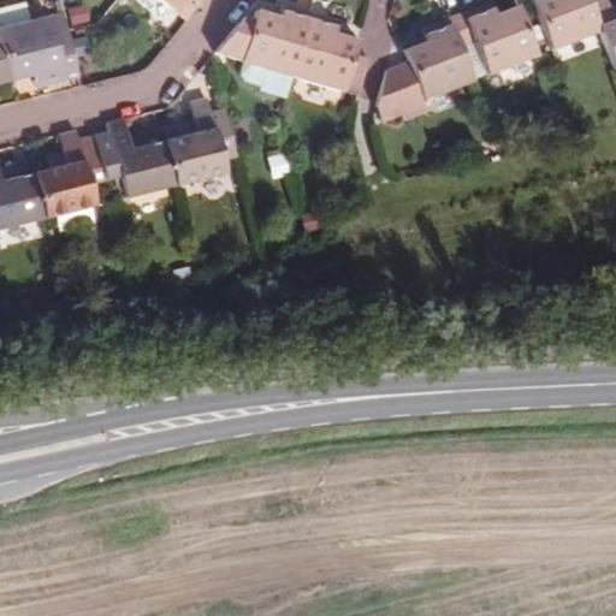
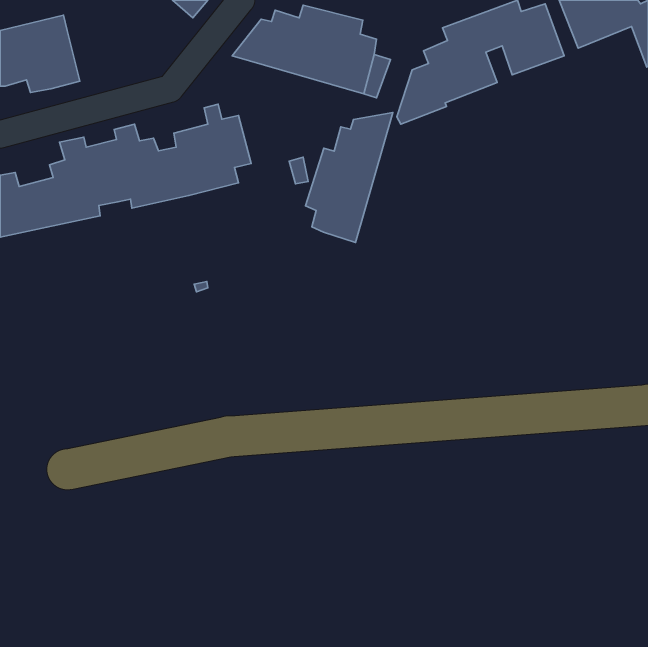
building: none -> [305,113,393,243]

